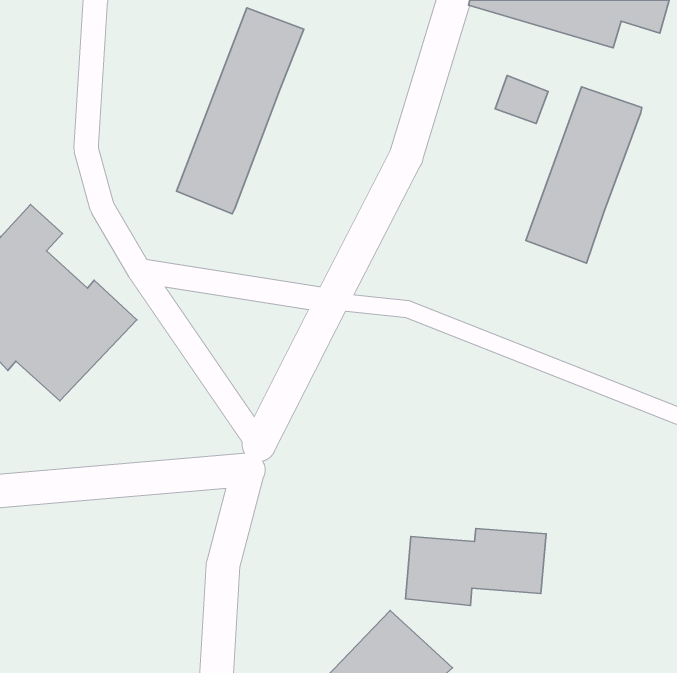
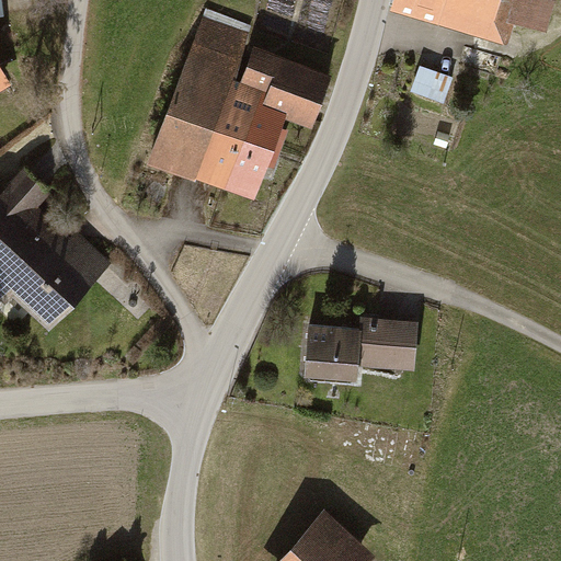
building: none -> [194,45,330,198]
building: [526,87,642,263] -> none
building: [405,528,546,605] -> [301,318,417,381]

